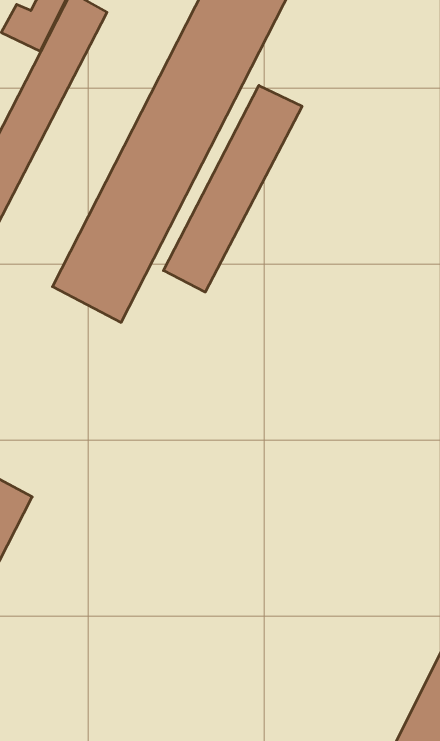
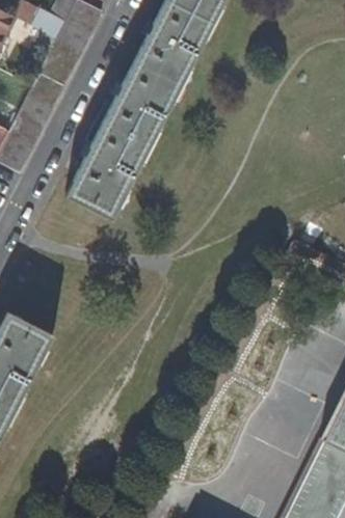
building: [163,85,302,292] -> none

